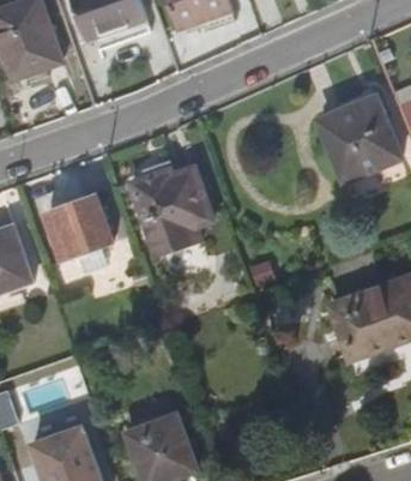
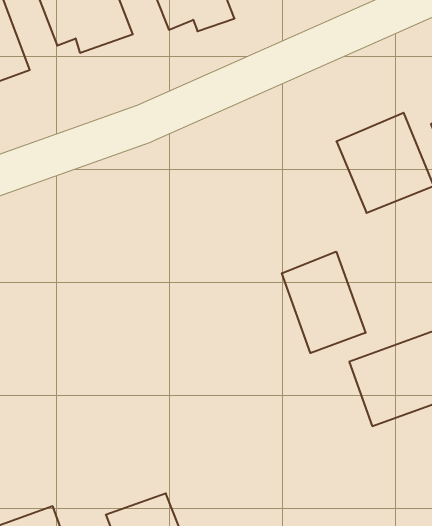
building: [129,167,211,253] -> none
building: [44,196,110,269] -> none
building: none -> [282,252,366,353]

